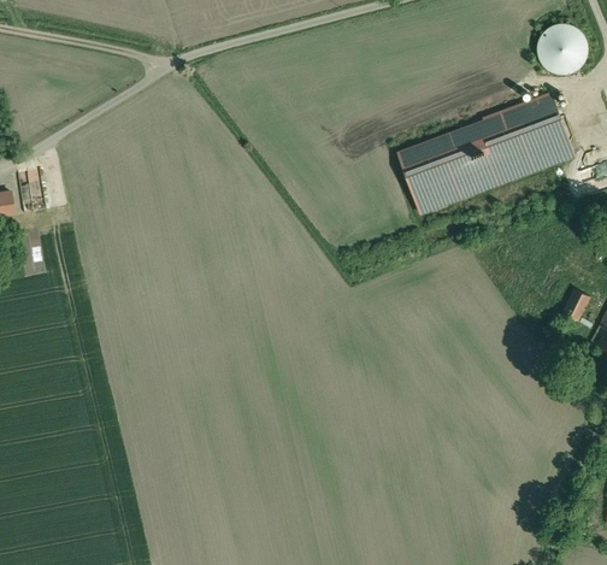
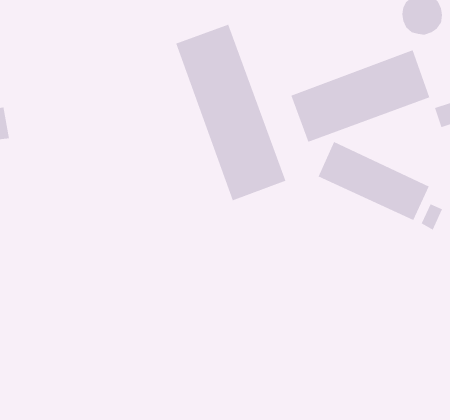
building: none -> [176,24,286,201]
building: none -> [318,141,430,221]

